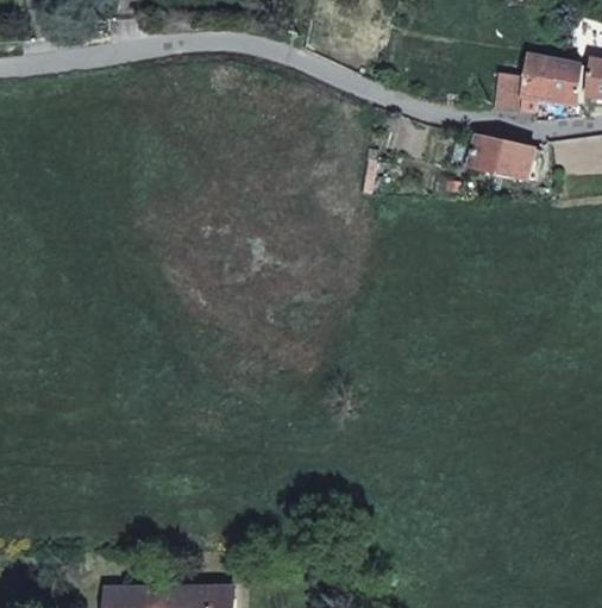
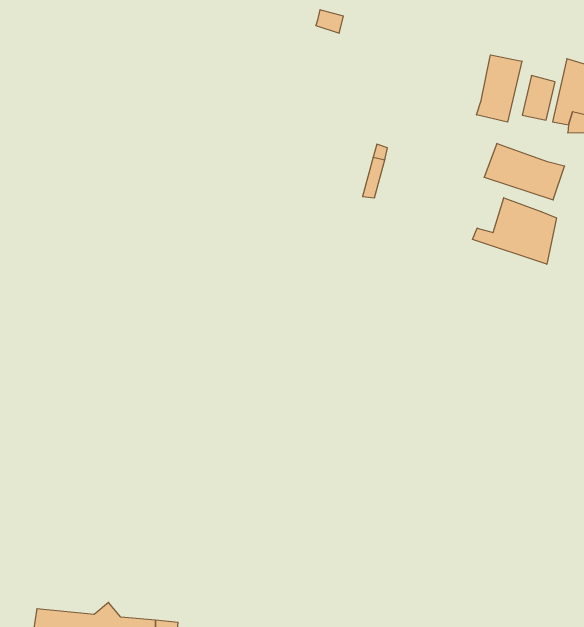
building: none -> [477,55,522,122]
building: none -> [473,198,557,264]

